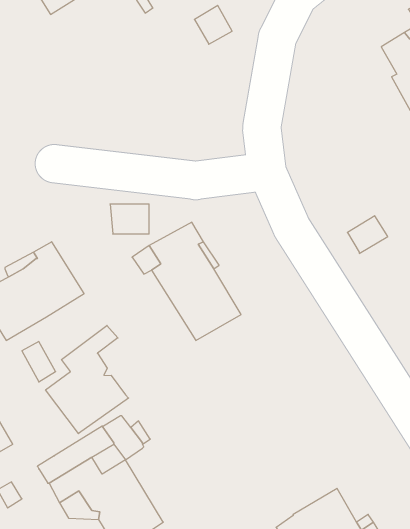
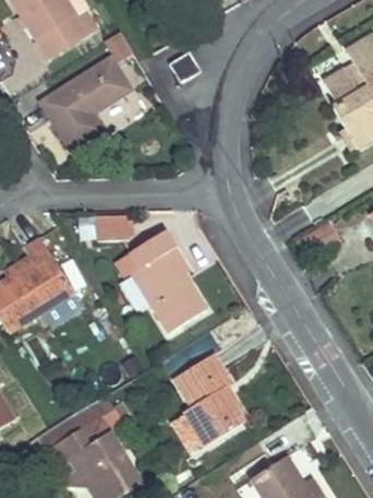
building: none -> [39,56,130,146]
building: [46,325,129,434] -> none
building: none -> [173,354,244,450]

